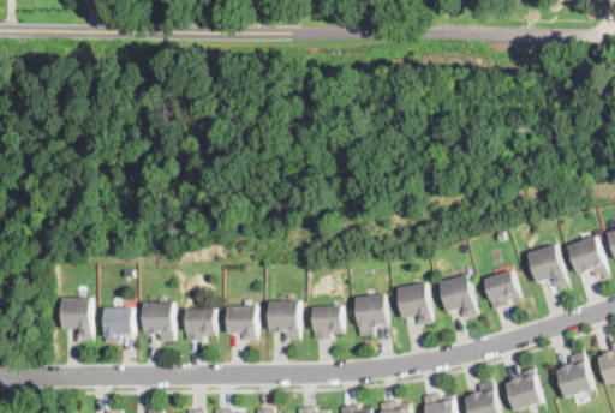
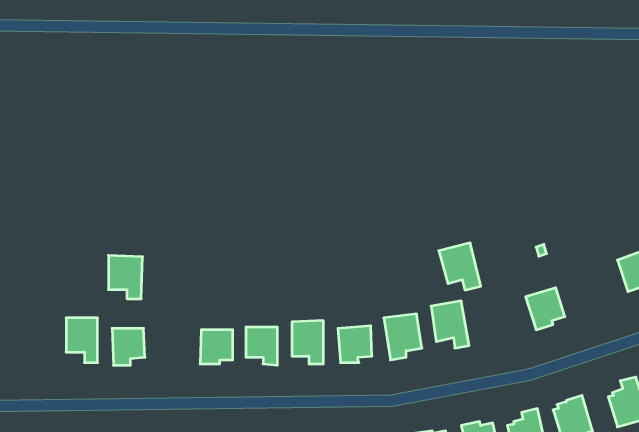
building: [525,244,566,288] -> none
building: [437,275,476,318] -> [439,243,481,290]
building: [142,301,173,341] -> [108,255,143,299]

